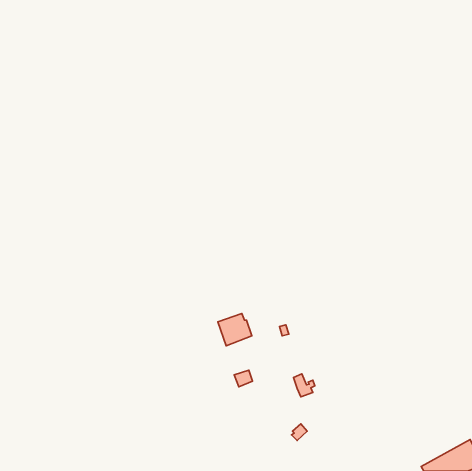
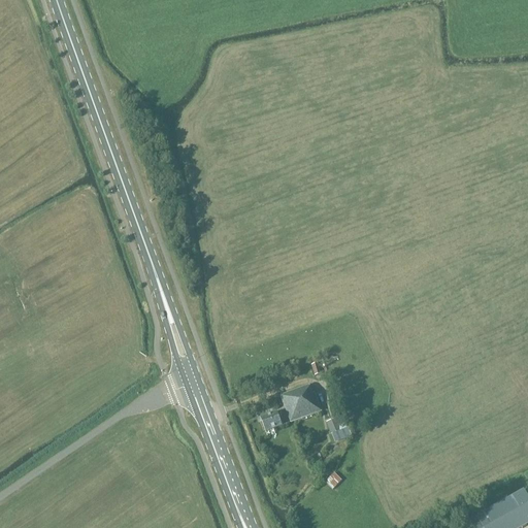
building: [218,314,252,346] -> [284,386,322,422]

